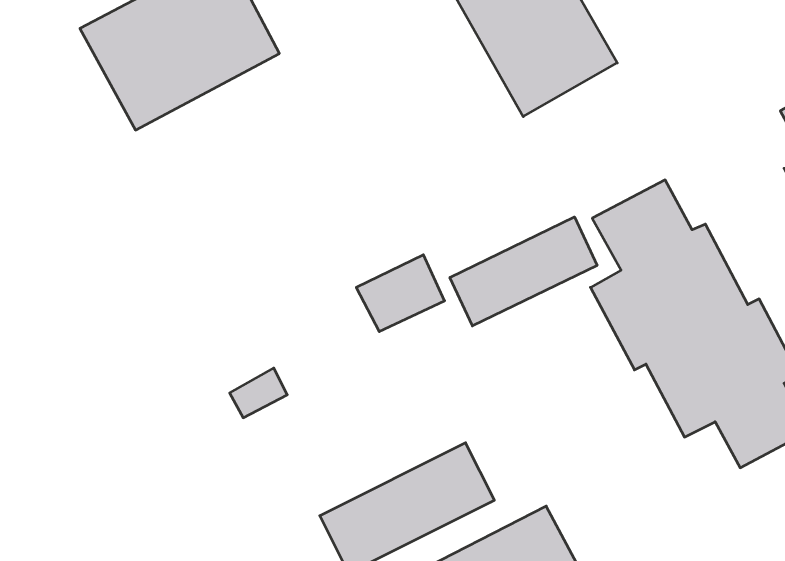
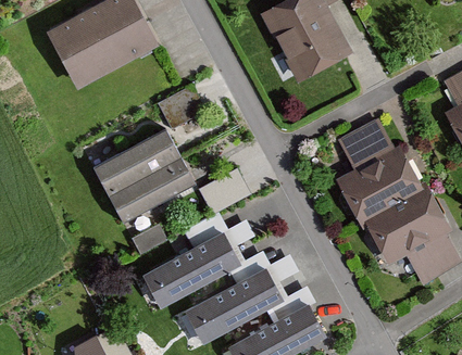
building: none -> [96,131,193,221]
building: [450,217,597,326] -> none
building: none -> [139,232,238,306]

